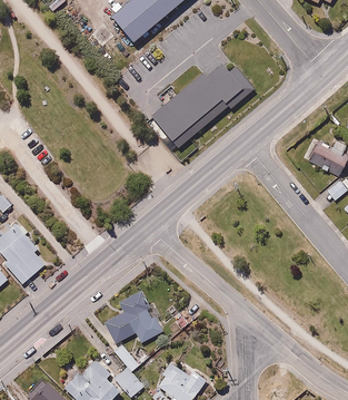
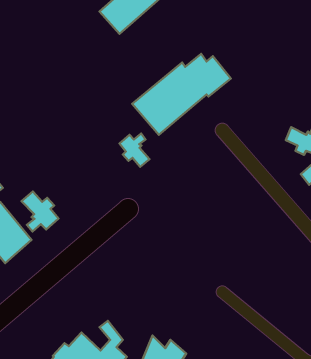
building: none -> [120,134,150,167]
building: none -> [22,191,58,232]
building: [106,287,162,342] -> none

